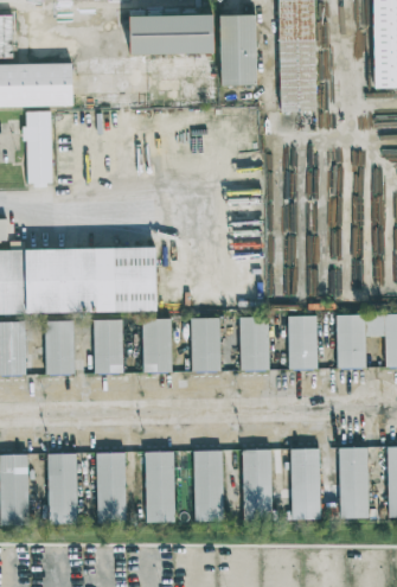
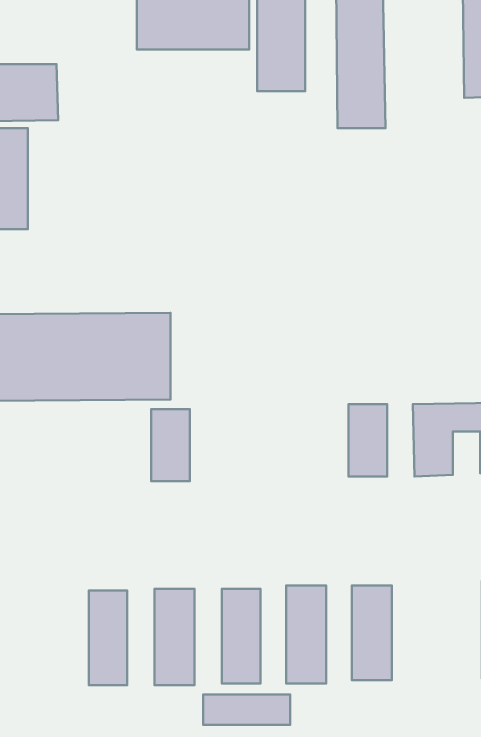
building: [239,317,268,370] -> none
building: [191,318,219,371] -> none
building: [94,320,122,374] -> none
building: [45,321,73,374] -> none
building: [339,448,367,518] -> none
building: [47,453,76,524] -> none
building: none -> [203,695,290,725]

